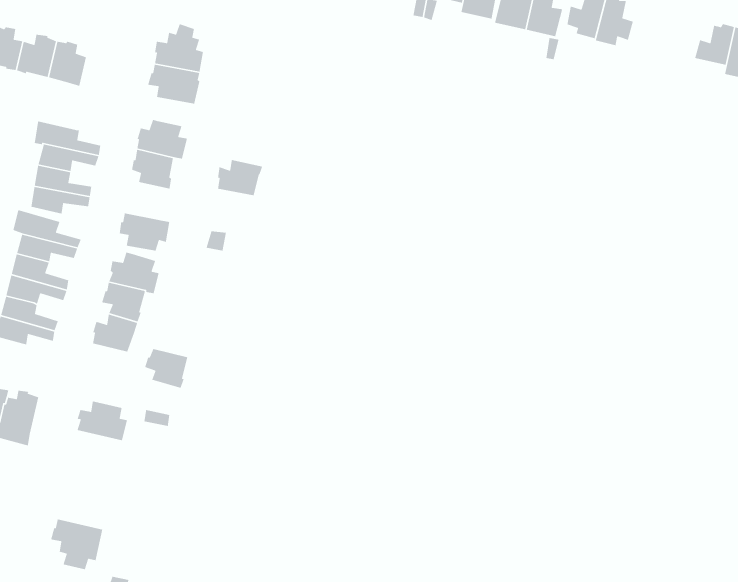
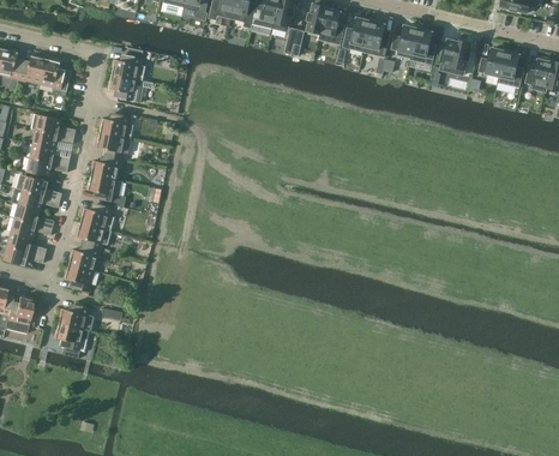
building: none -> [440,41,470,76]
building: [217,159,263,196] -> [91,156,122,181]
building: [144,348,188,389] -> [64,265,94,293]
building: [50,519,103,570] -> [54,324,90,359]

